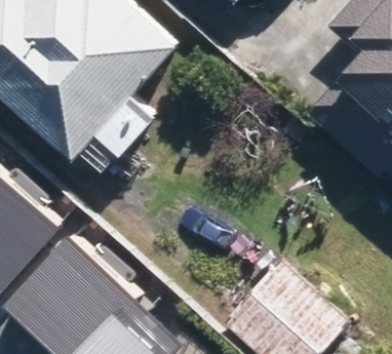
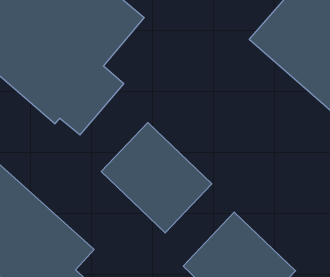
building: none -> [101,123,212,233]

